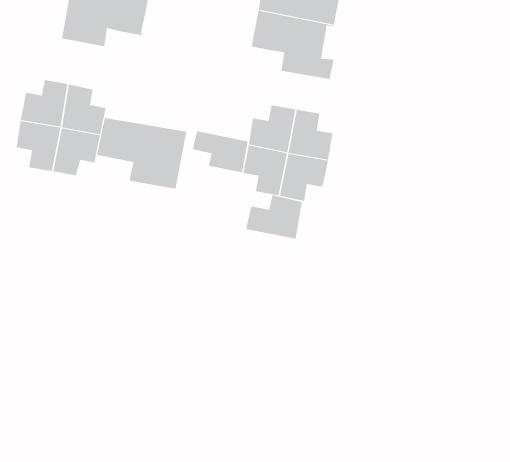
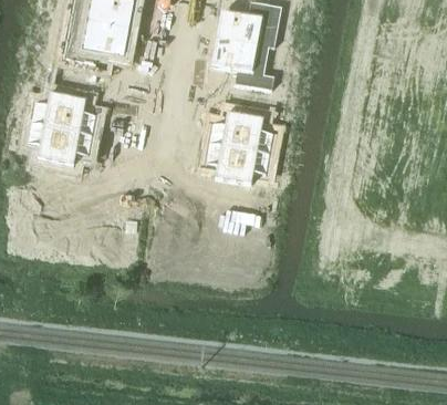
building: [97,117,187,190] -> none
building: [192,130,248,173] -> none
building: [246,194,303,239] -> none

